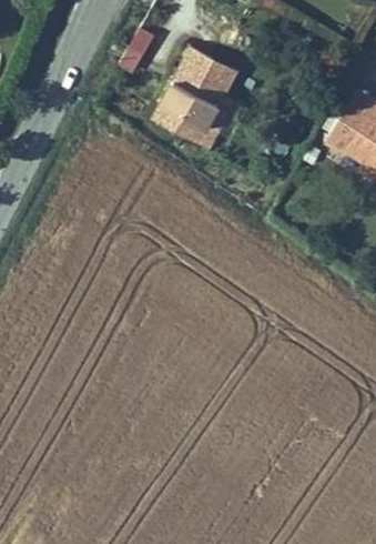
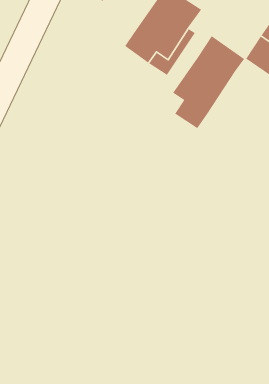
building: none -> [172,35,245,129]

